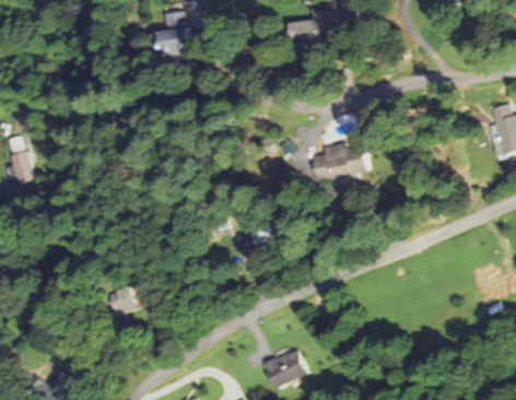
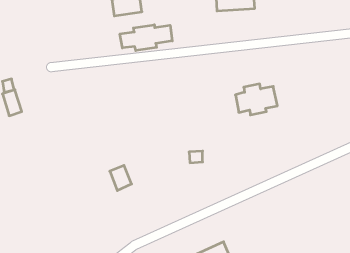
building: none -> [120,25,172,51]
building: [107,284,136,317] -> [110,165,132,191]

